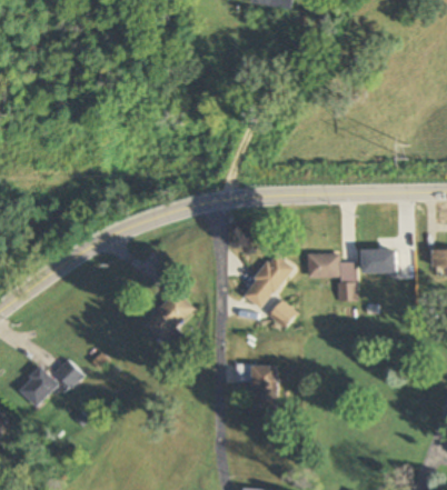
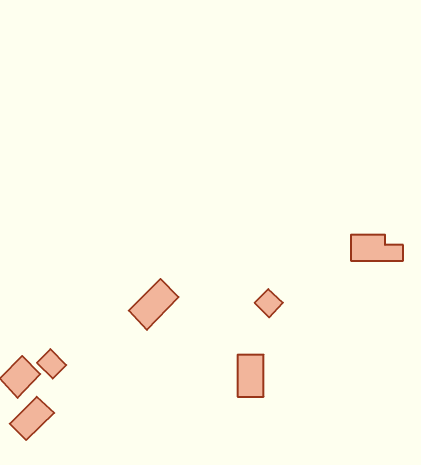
building: [242,252,292,309] -> none
building: [307,252,357,302] -> none
building: none -> [10,397,54,440]

